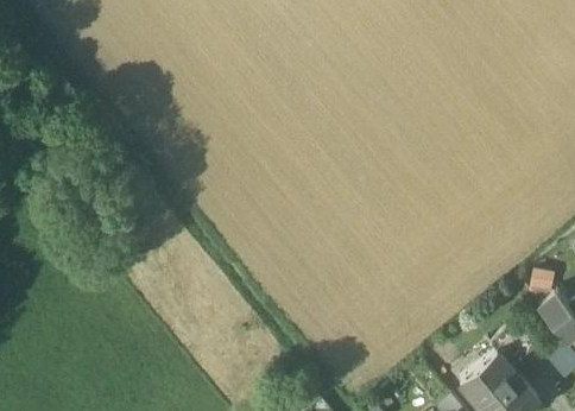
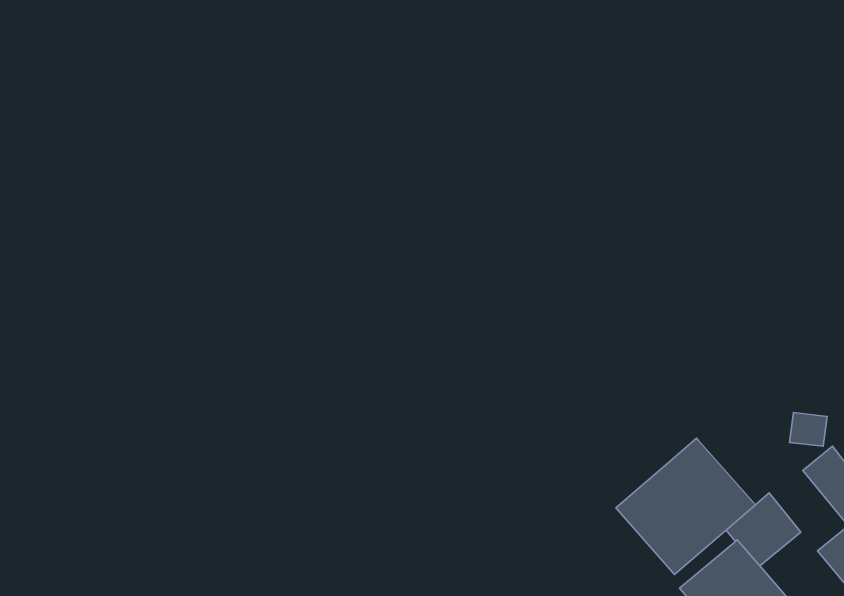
building: none -> [616,438,755,575]

